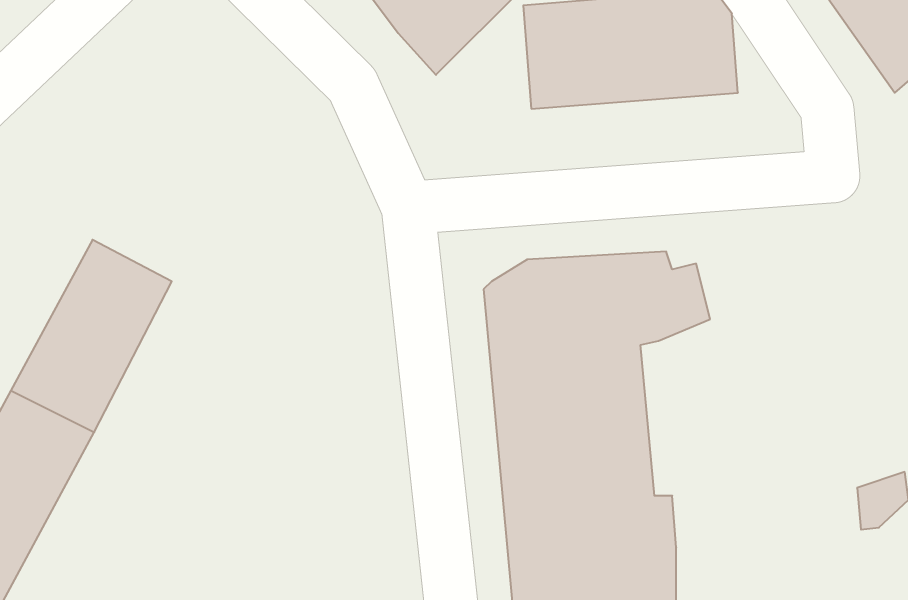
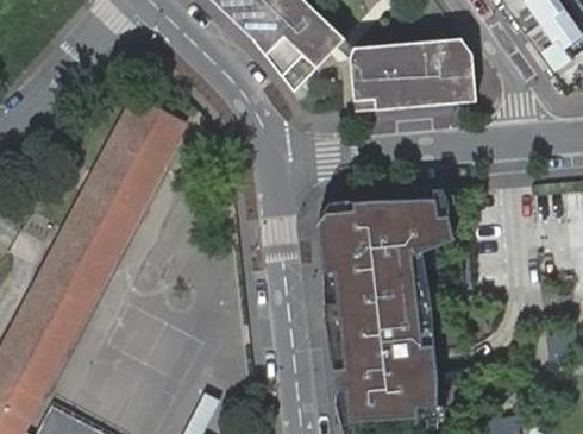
building: none -> [88,95,184,212]

